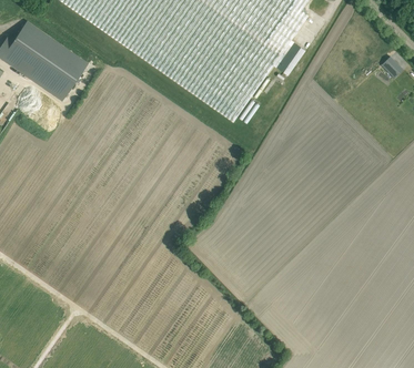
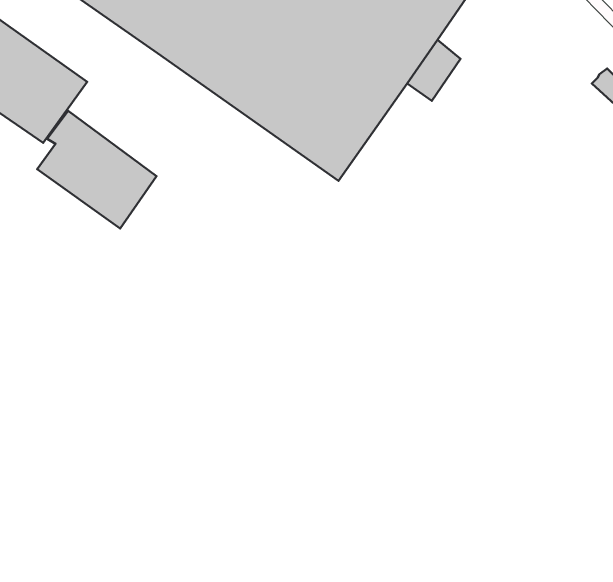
building: none -> [37,111,157,228]

